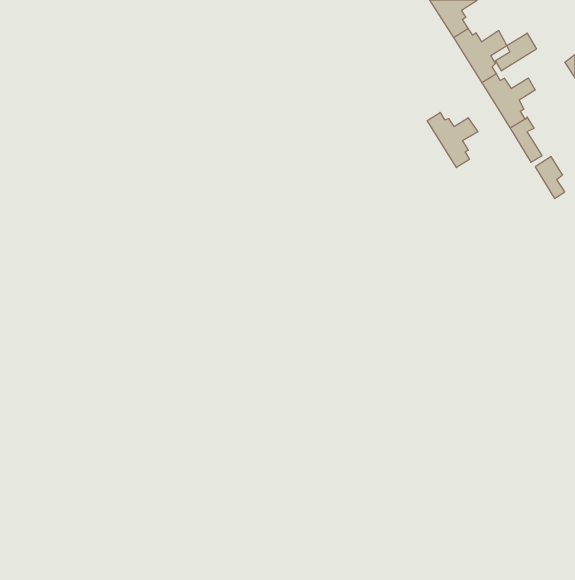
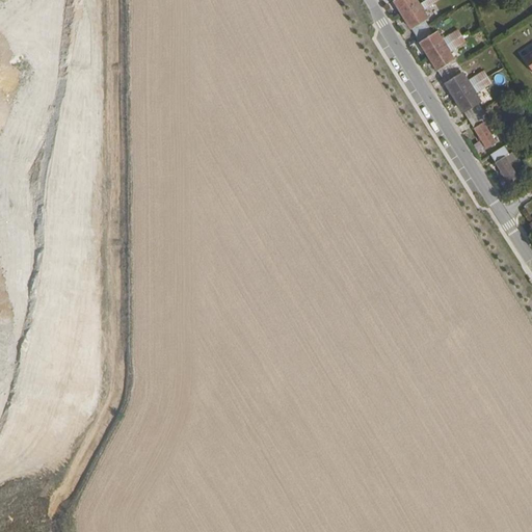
building: [496,33,536,71] -> none
building: [427,112,478,168] -> none

